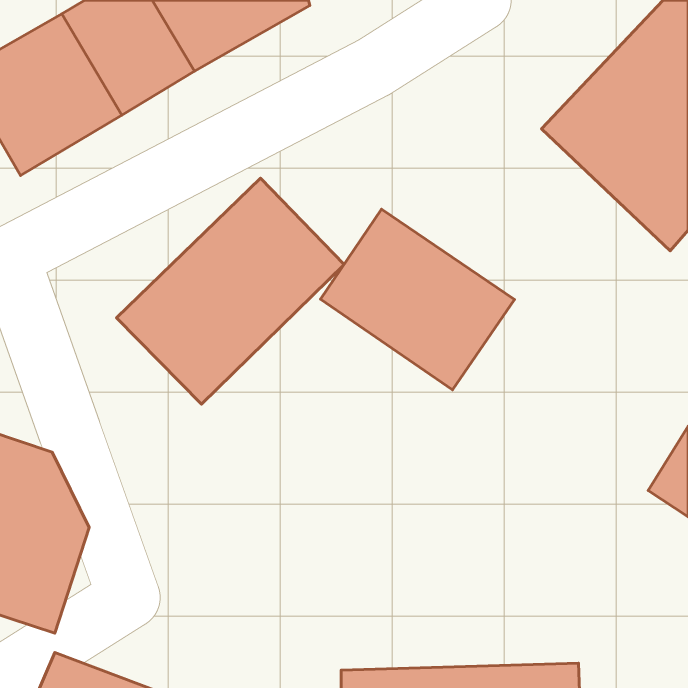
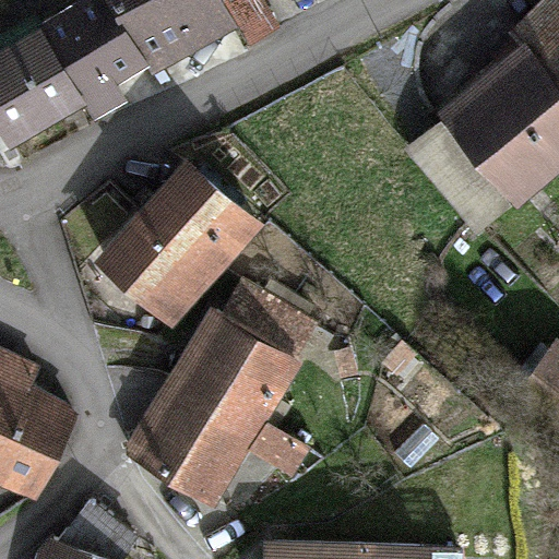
building: [321,209,515,390] -> none
building: none -> [123,270,330,503]

